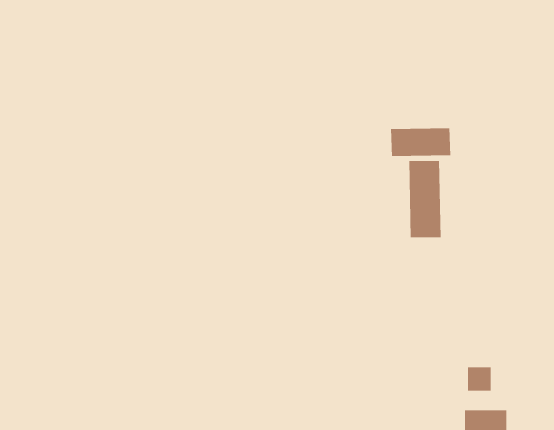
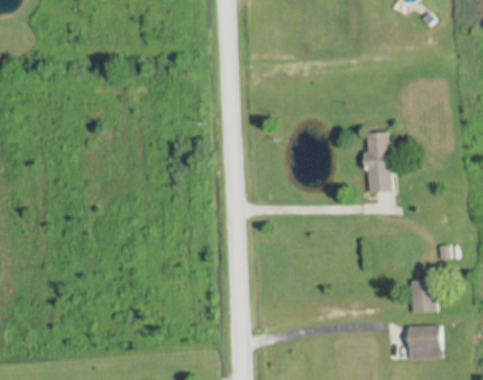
building: [391,127,451,157] -> none

